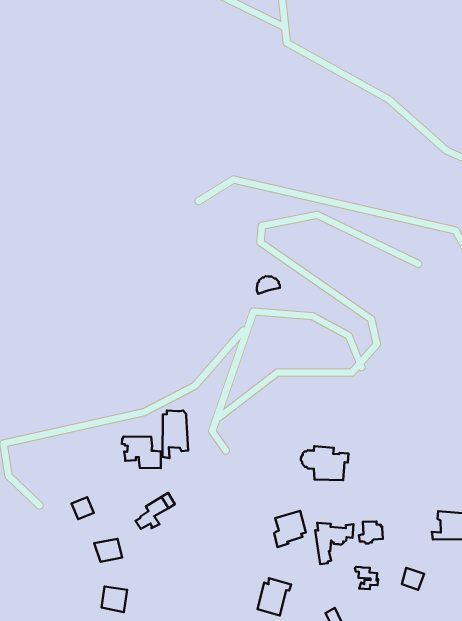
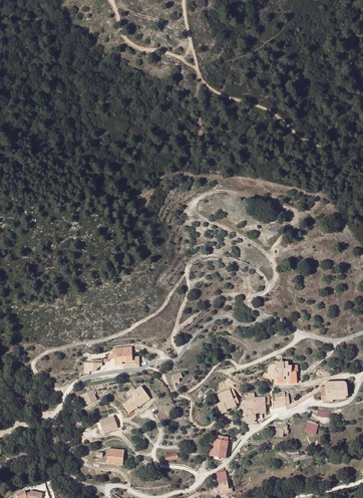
building: [162,411,188,458] -> none
building: [301,446,348,480] -> [266,362,297,385]

